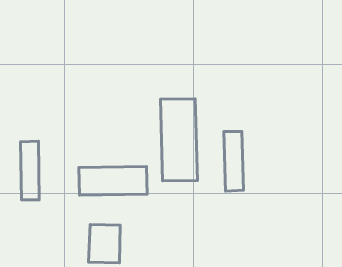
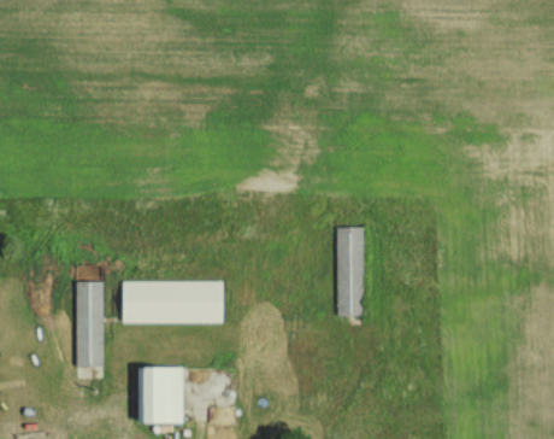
building: [160,99,197,181] -> none
building: [21,141,39,200] -> [76,281,104,368]

